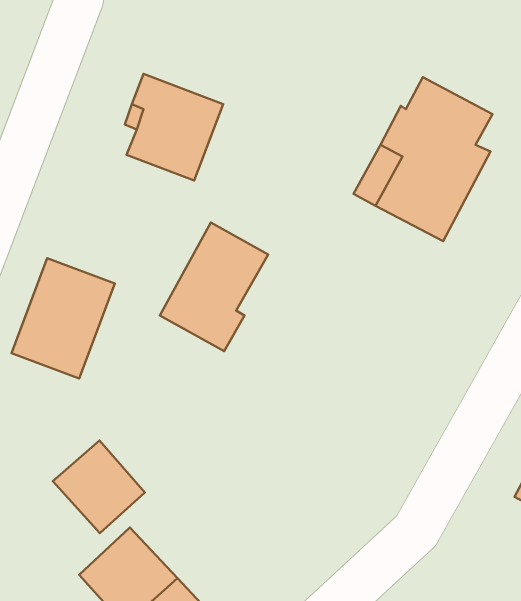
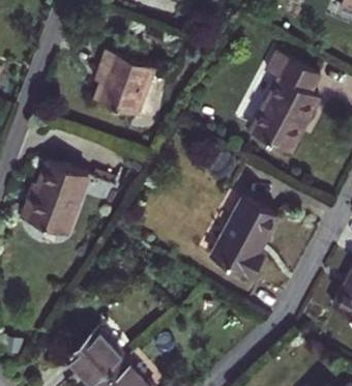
building: [160,222,268,351] -> [213,197,280,275]
building: [53,441,145,533] -> none

